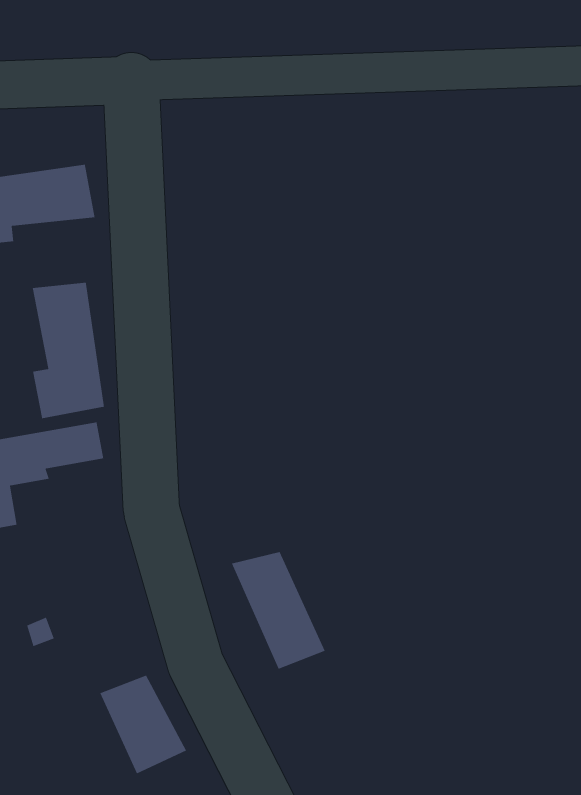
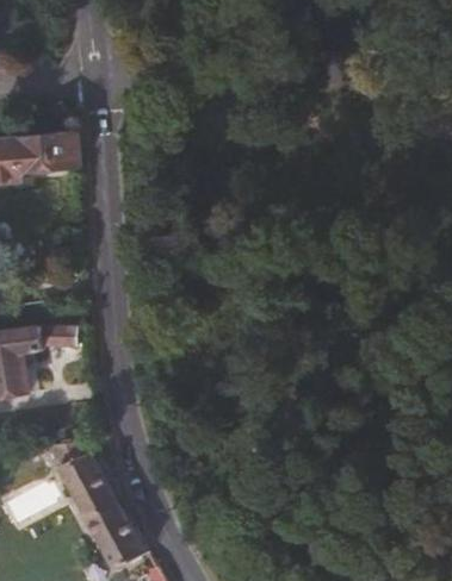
building: [32,282,105,419] -> none
building: [231,551,326,670] -> [43,424,110,507]

